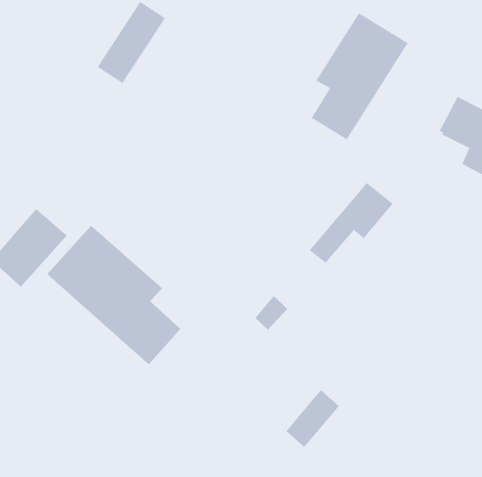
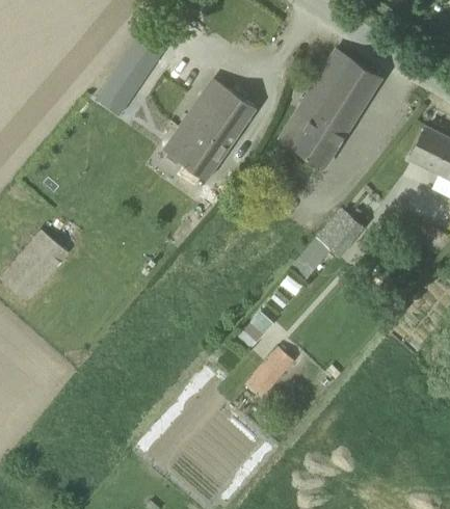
building: none -> [164,79,258,186]
building: [46,225,181,365] -> none
building: [285,389,340,448] -> [245,346,295,400]

